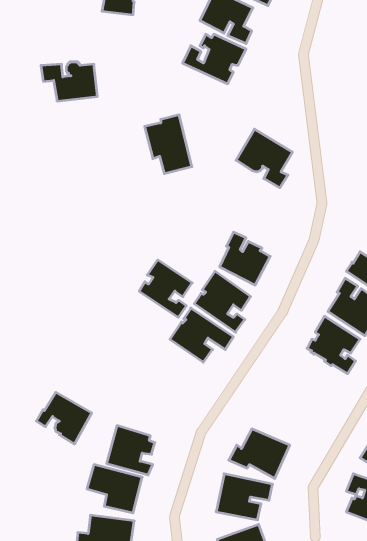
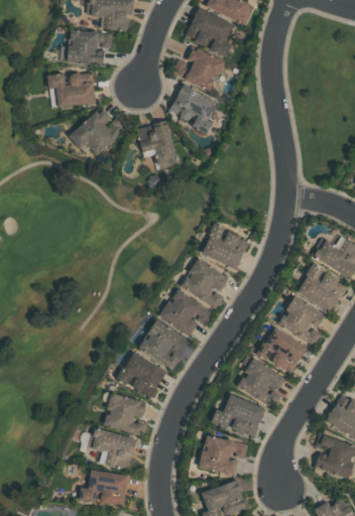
building: none -> [67,29,111,67]
building: none -> [69,110,129,156]
building: [236,129,292,188] -> [168,83,218,134]
building: [139,260,192,317] -> [139,319,186,370]
building: none -> [256,328,307,373]
building: none -> [237,356,285,408]
building: [36,392,92,444] -> [117,353,165,398]

